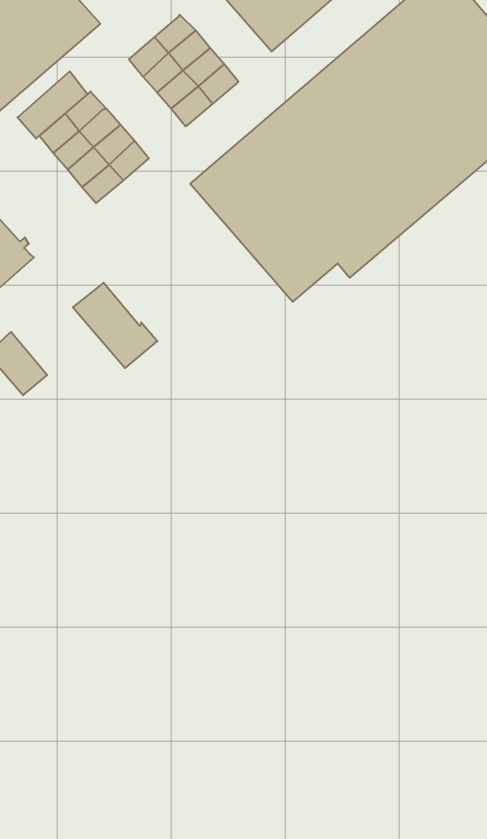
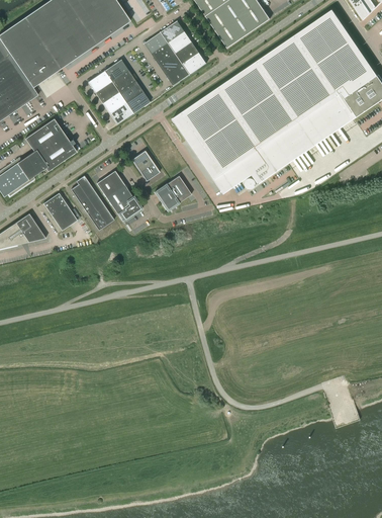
building: [17,71,88,139] -> none
building: none -> [131,150,160,180]
building: none -> [154,175,191,210]
building: none -> [71,175,114,230]

